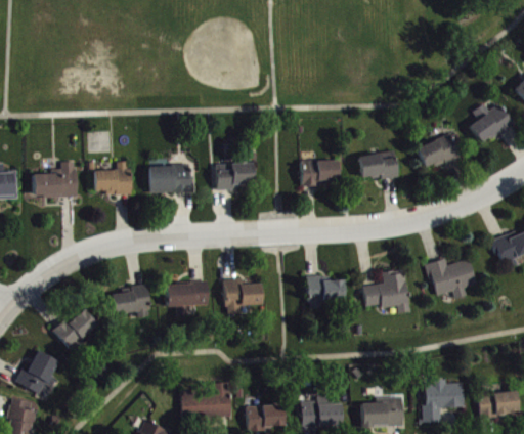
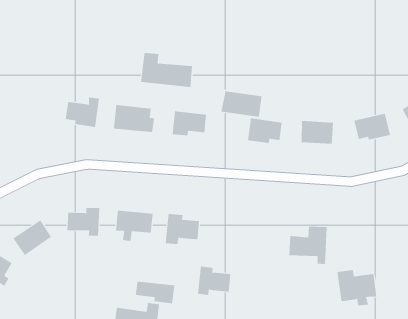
building: none -> [141,52,193,88]
building: none -> [221,90,262,117]
building: [34,161,77,197] -> none
building: [427,258,476,298] -> [337,270,377,306]
building: [307,275,344,307] -> [197,266,231,296]
building: none -> [135,281,175,304]

